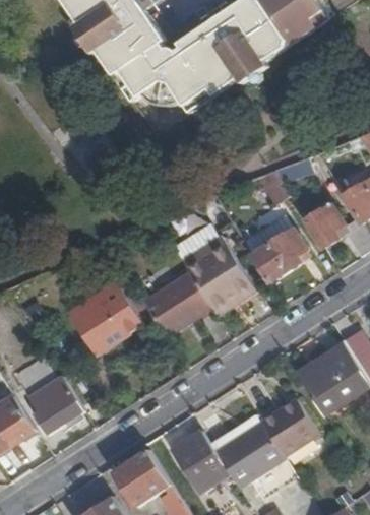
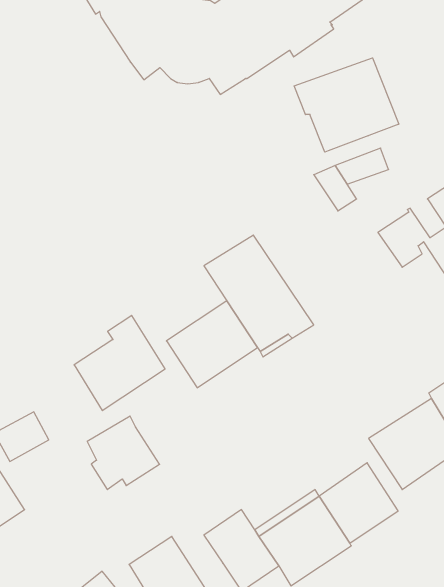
building: none -> [294,58,399,152]
building: [242,213,306,281] -> none
building: [30,378,85,434] -> [87,416,160,490]

